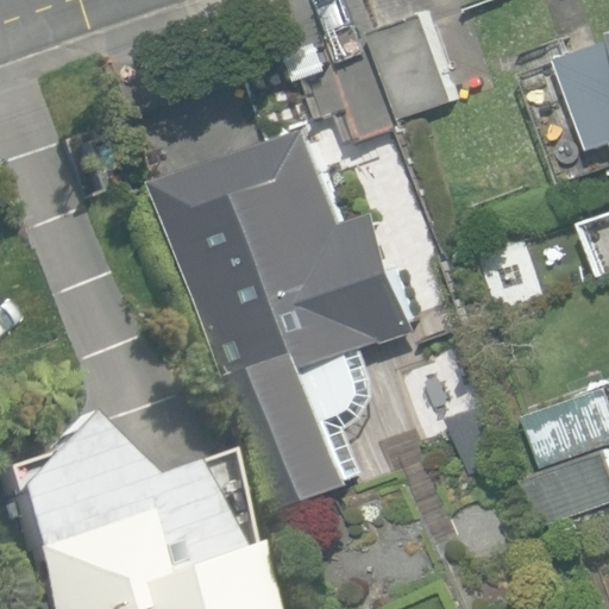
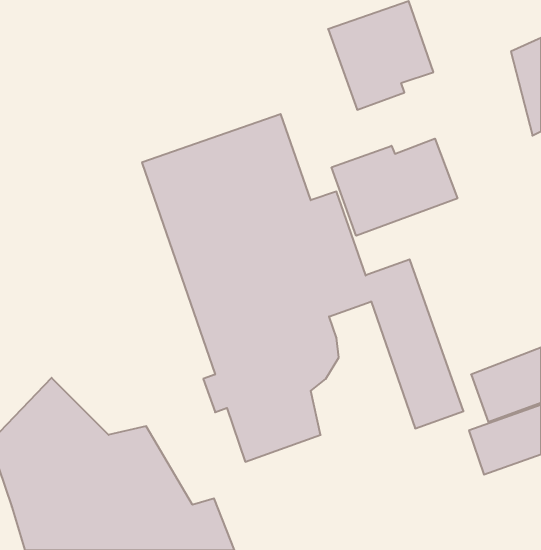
building: none -> [332,139,457,236]

